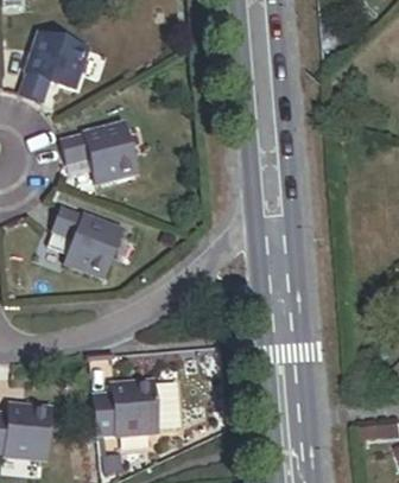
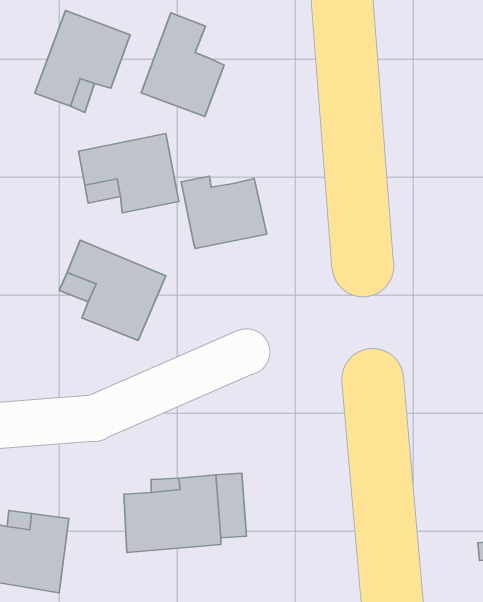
building: none -> [141,13,224,116]
building: none -> [181,176,267,249]

